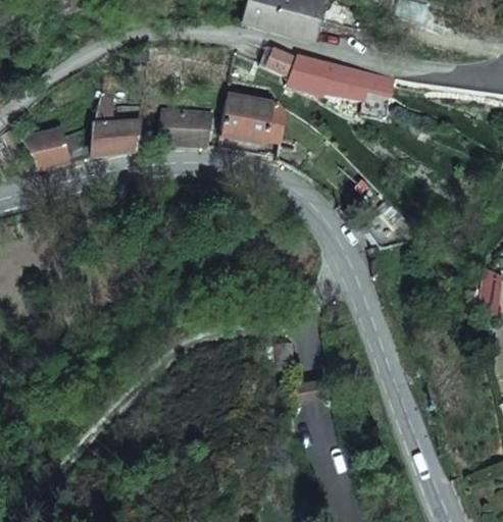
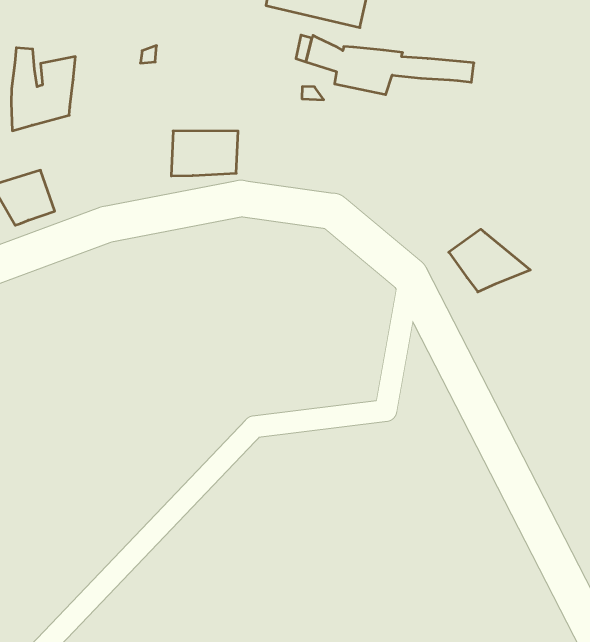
building: [221,77,275,142] -> none
building: [94,95,146,157] -> [11,48,75,131]

